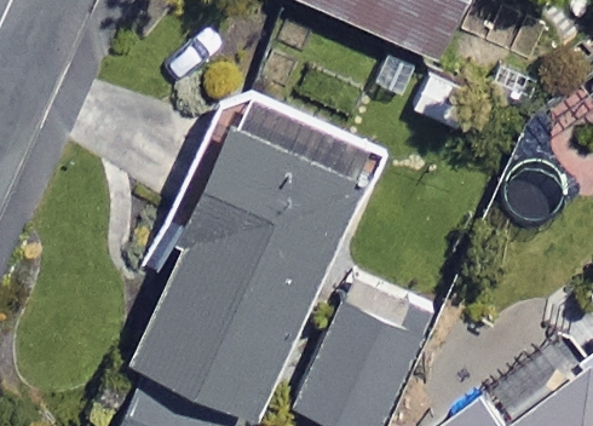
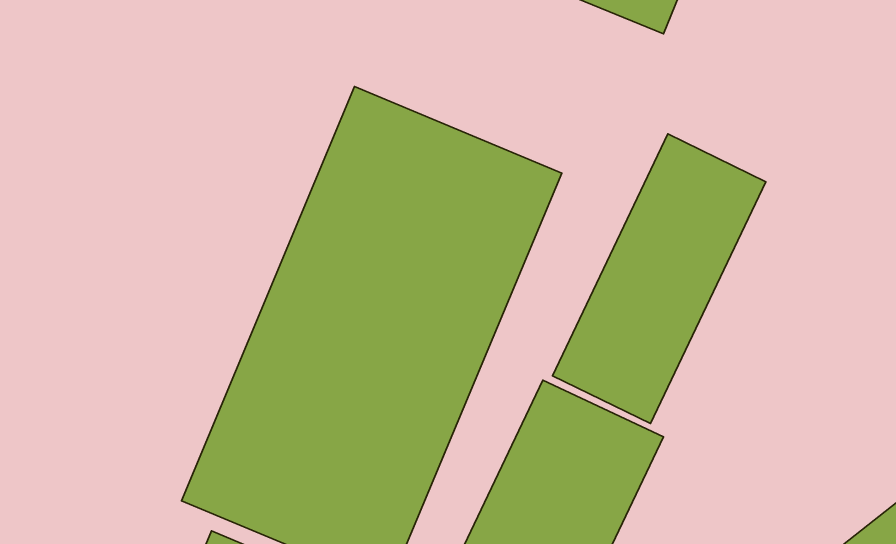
building: none -> [553,134,766,424]

